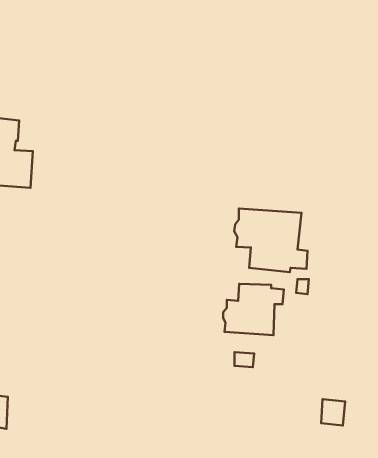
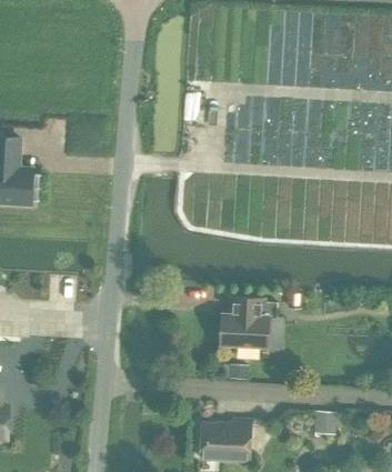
building: [234,208,308,272] -> none
building: none -> [200,419,251,461]

